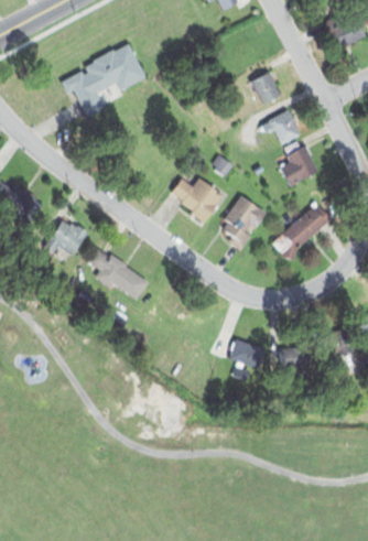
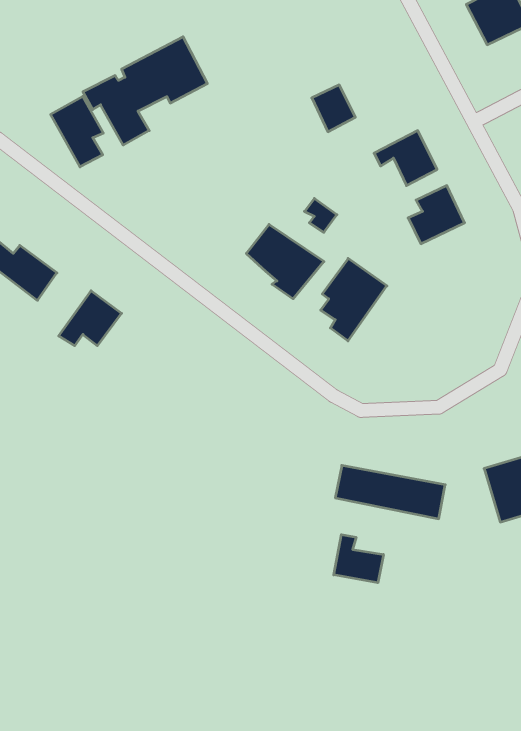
building: [250,72,280,104] -> [312,85,355,132]
building: none -> [51,96,103,167]
building: [271,205,329,262] -> none
building: [87,249,148,300] -> none
building: none -> [334,535,383,583]

